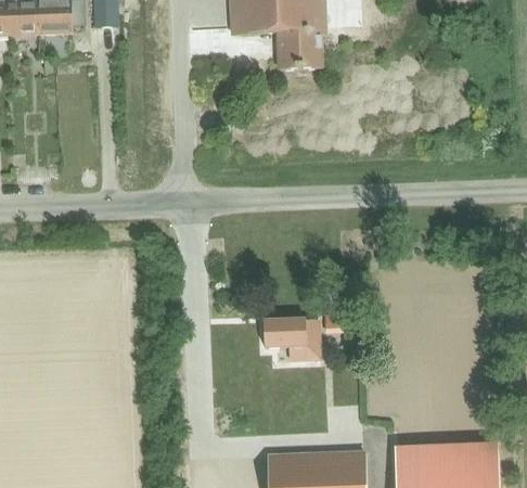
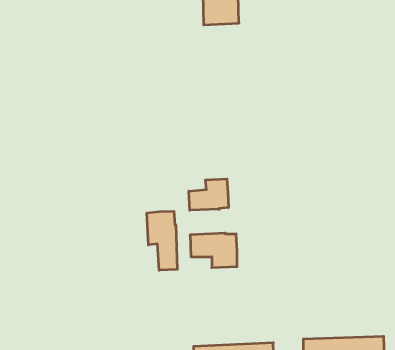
building: none -> [189,179,228,210]
building: none -> [147,211,177,270]

